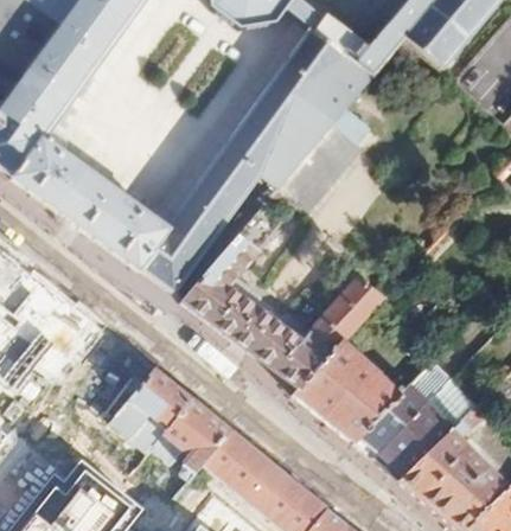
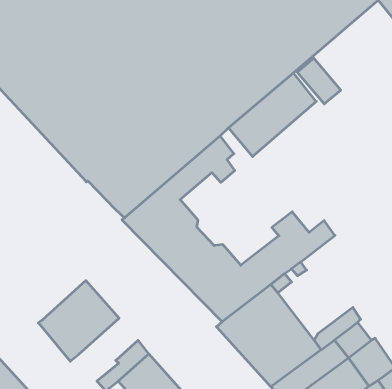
building: [161,401,218,456] -> none

